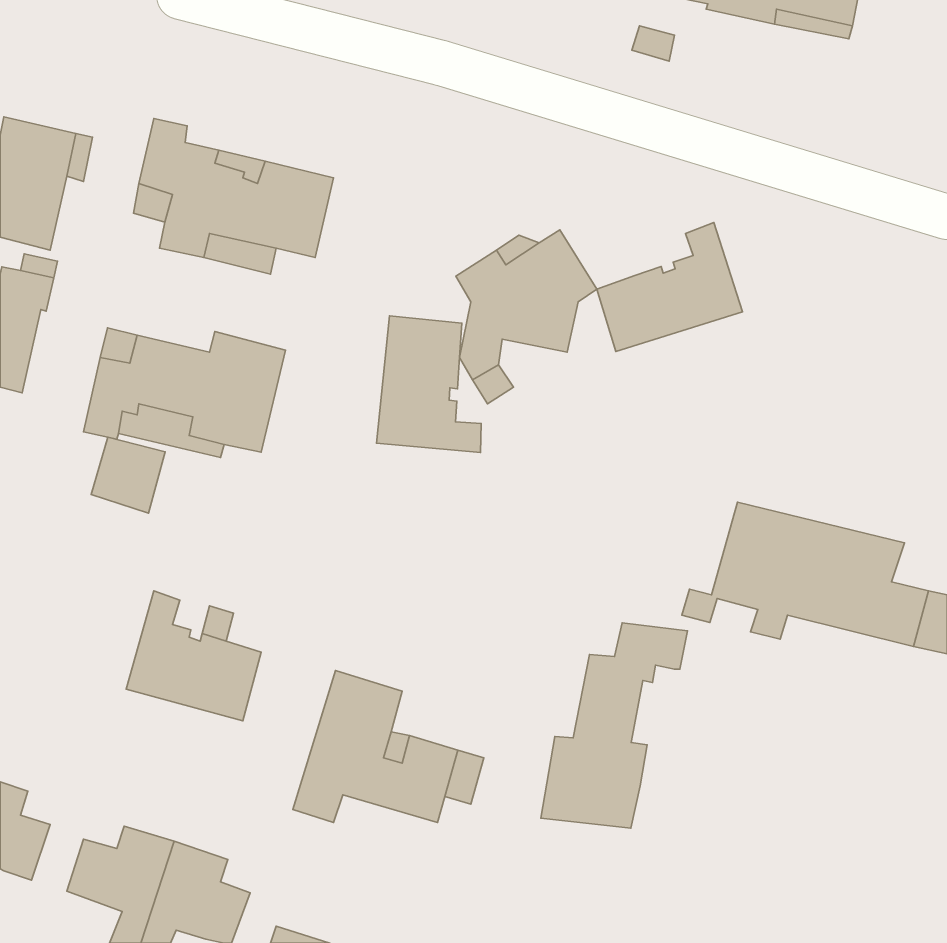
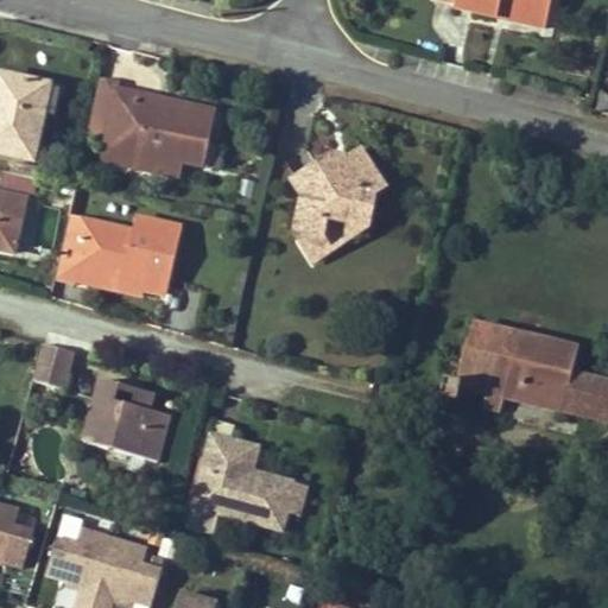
building: [597,223,743,351] -> none
building: [377,316,481,453] -> none
building: [91,437,165,513] -> [30,343,77,392]
building: [541,623,687,828] -> none

